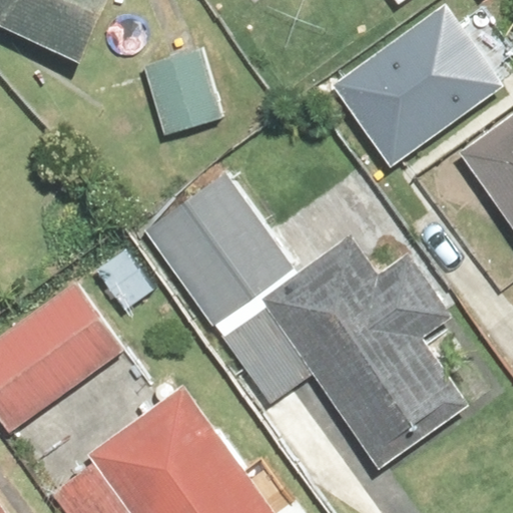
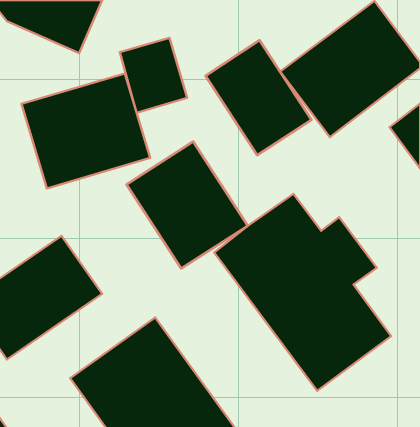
building: none -> [205,40,311,155]
building: none -> [21,73,150,188]

